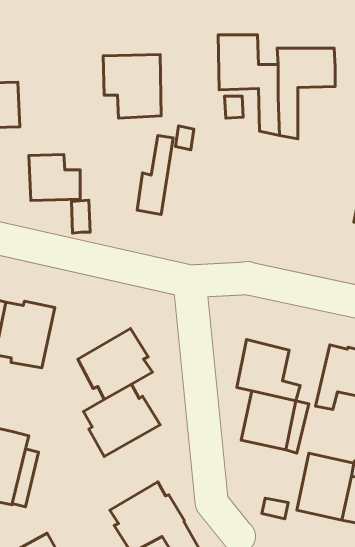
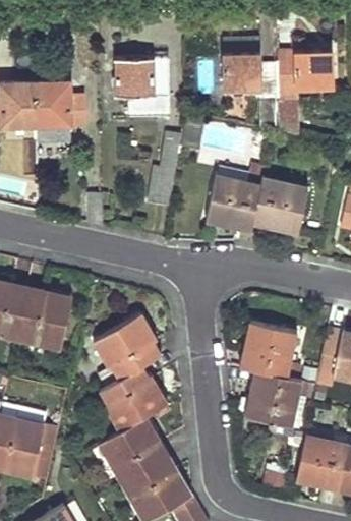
building: [29,154,80,200] -> [37,83,84,126]
building: none -> [207,168,307,235]
building: none -> [96,415,167,482]

